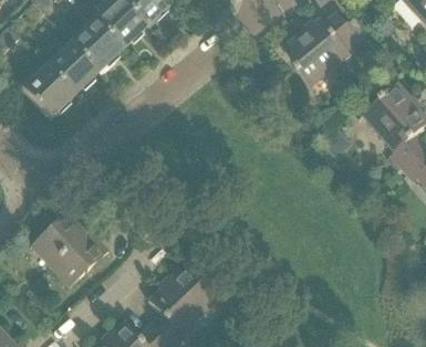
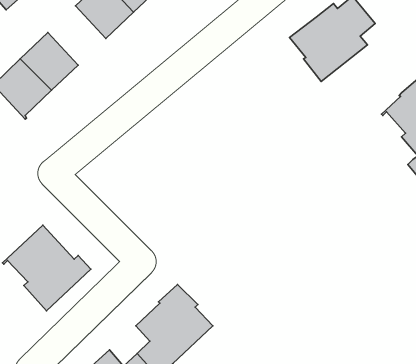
building: [71,19,122,71] -> none

